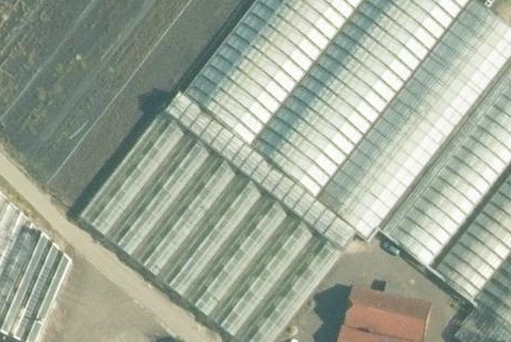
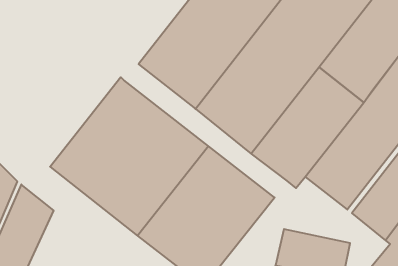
building: [165,94,356,251] -> none

